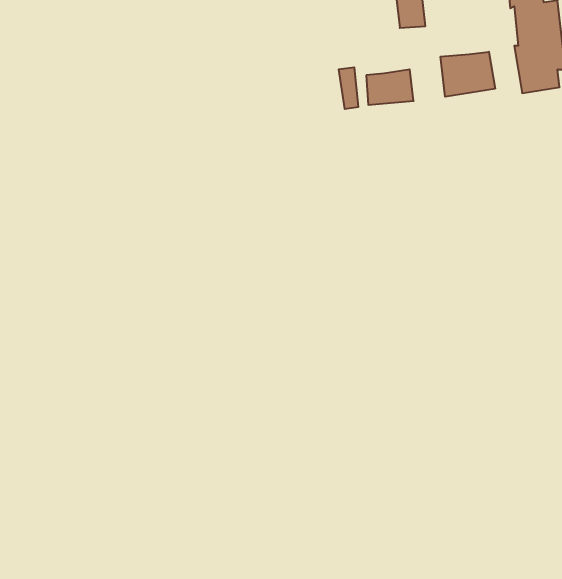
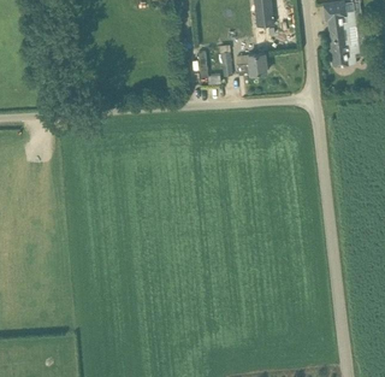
building: [441,52,495,97] -> none

